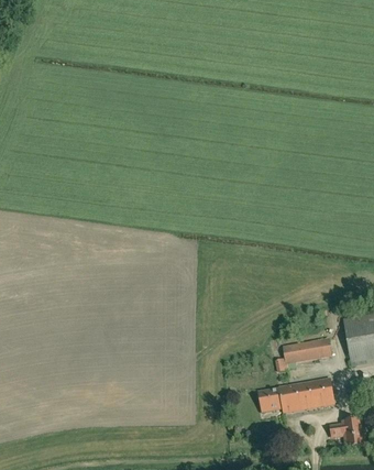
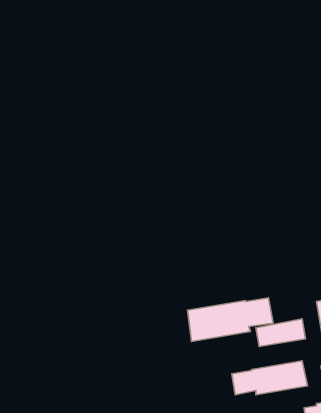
building: none -> [187,298,273,342]

